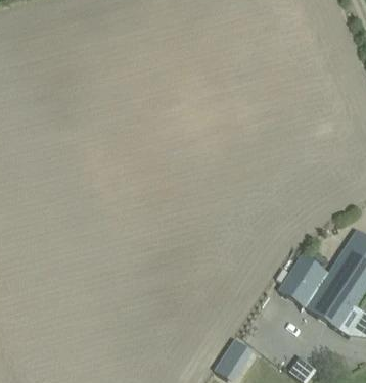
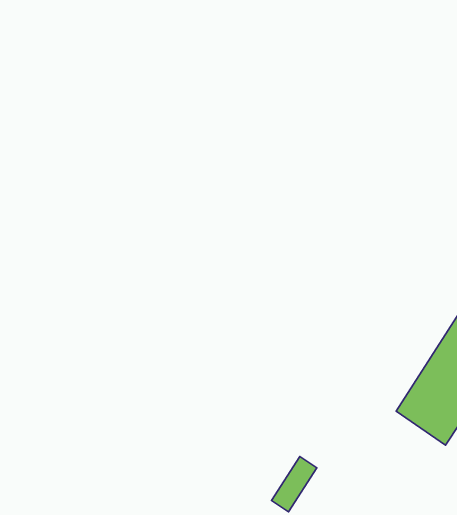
building: [278,252,327,305] -> none

